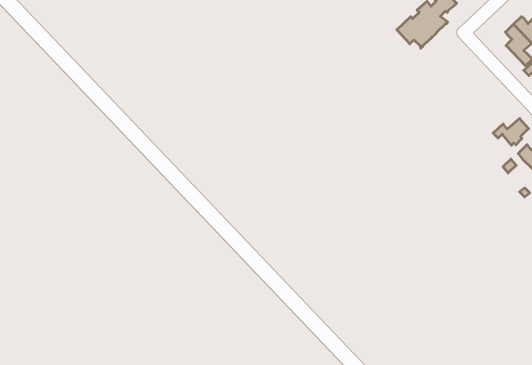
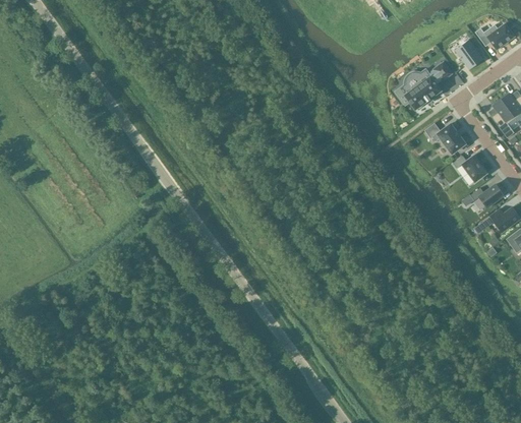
building: none -> [427,123,465,153]
building: none -> [453,155,486,181]

